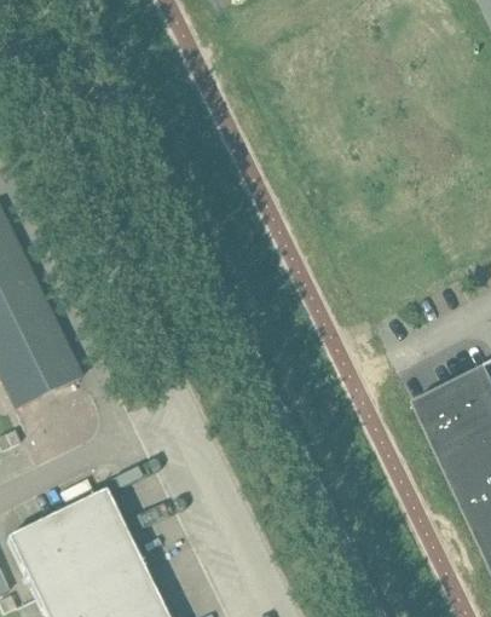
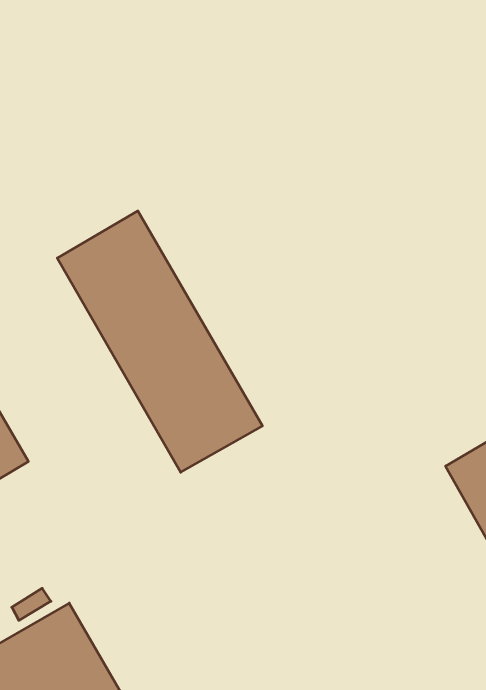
building: none -> [57,211,262,472]

